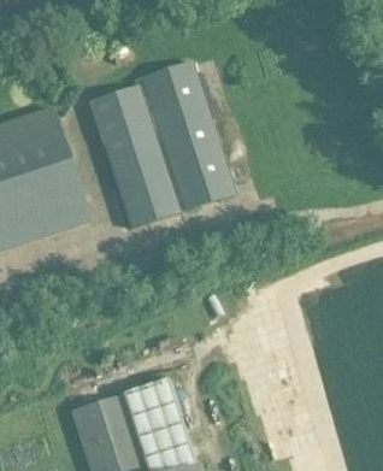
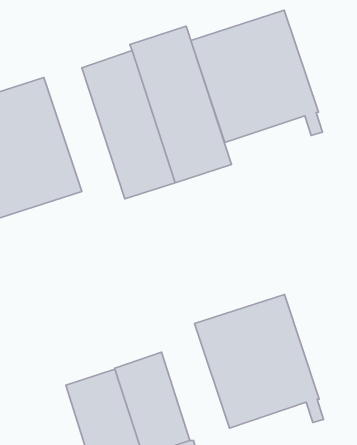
building: none -> [191,10,323,143]
building: none -> [195,294,324,428]

